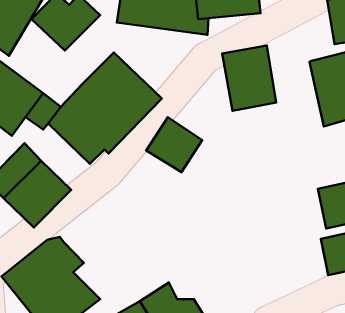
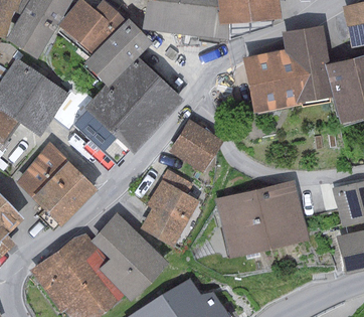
building: none -> [83,18,152,87]
building: none -> [283,25,334,105]
building: none -> [141,169,199,248]
building: none -> [215,180,309,259]
building: none -> [89,212,169,301]

